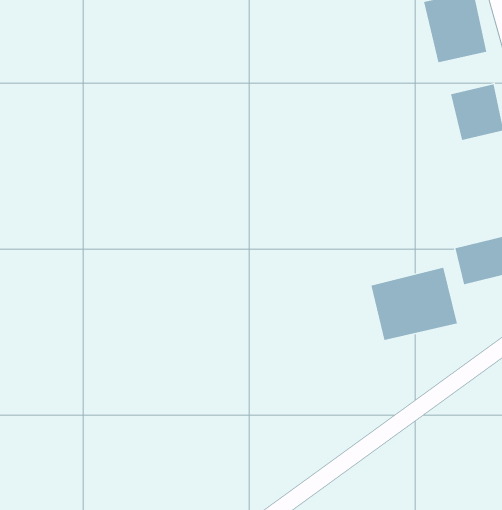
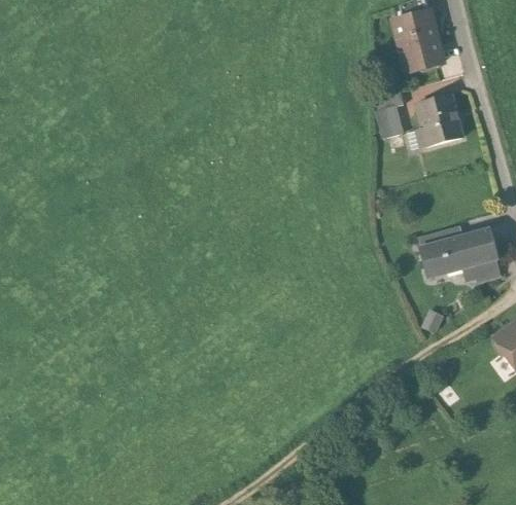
building: none -> [376,107,405,141]
building: [371,267,458,341] -> none

